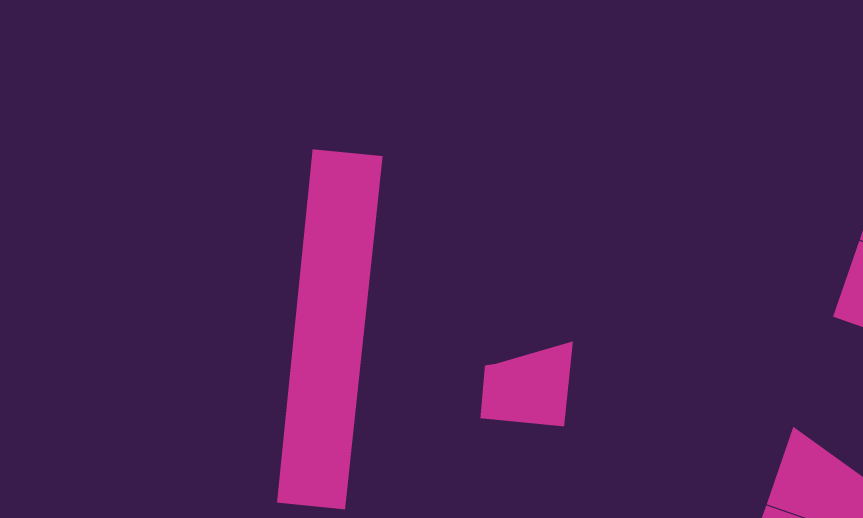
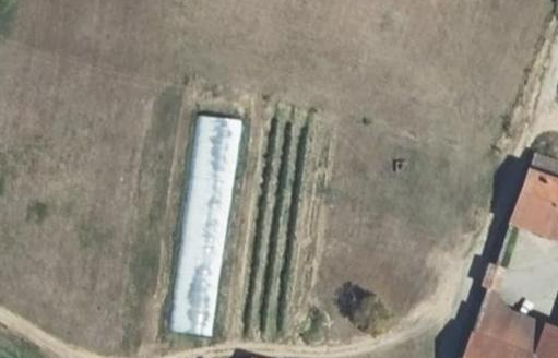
building: [480,341,573,427] -> none

